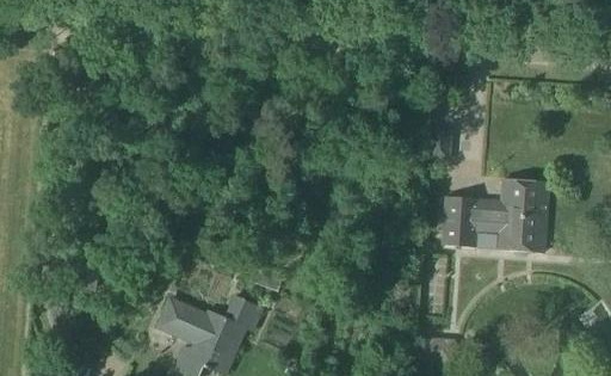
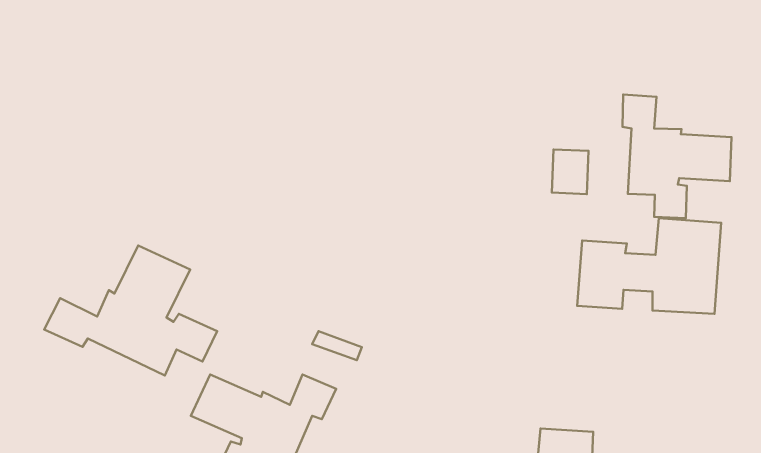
building: none -> [622,95,731,218]
building: none -> [44,246,217,376]

